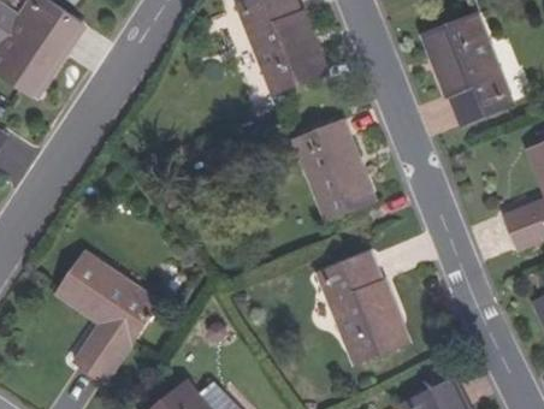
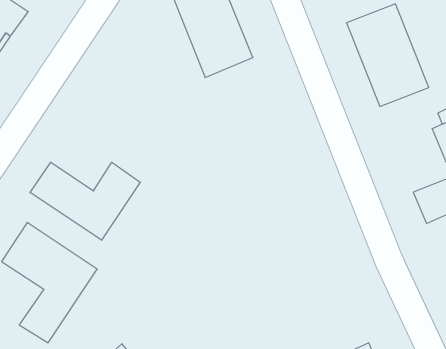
building: [294,119,376,220] -> none
building: none -> [30,162,140,240]
building: [319,253,407,363] -> none

